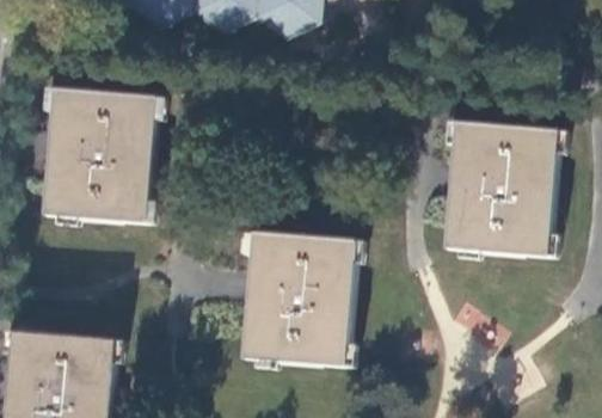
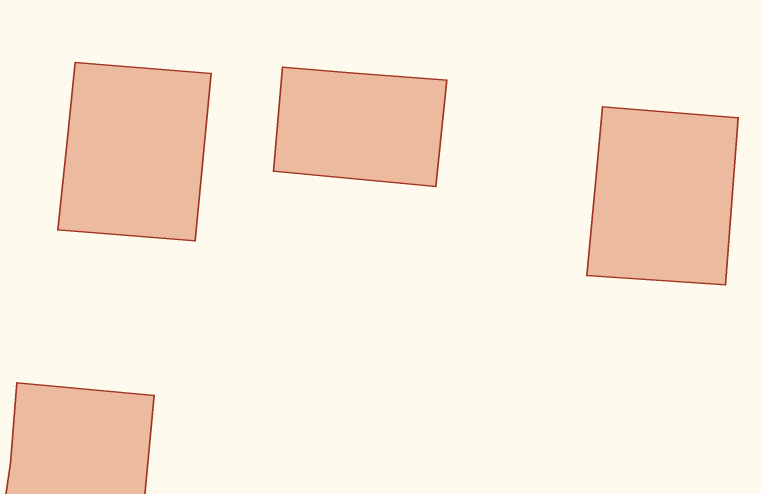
building: none -> [274,67,447,186]
building: [241,232,357,365] -> none

